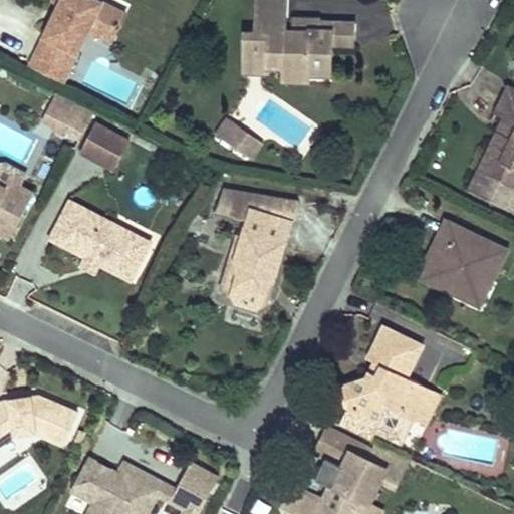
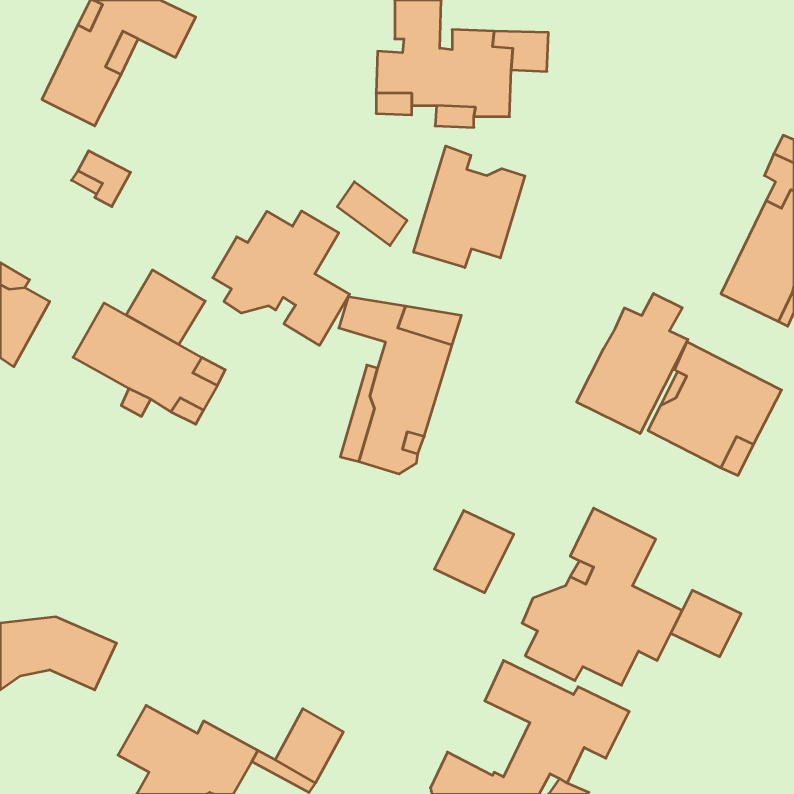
building: none -> [414,146,525,268]
building: [78,122,130,171] -> [126,270,205,345]
building: none -> [213,211,350,345]
building: none -> [577,293,688,434]
building: none -> [434,510,514,593]
building: none -> [671,590,741,657]

